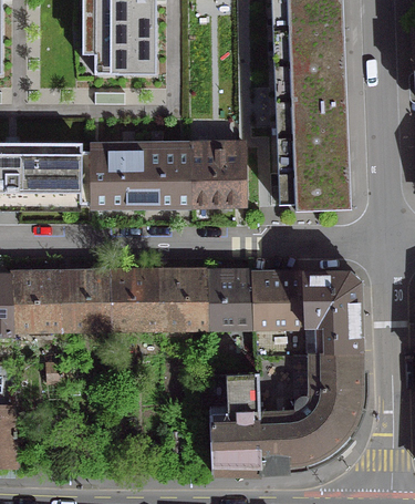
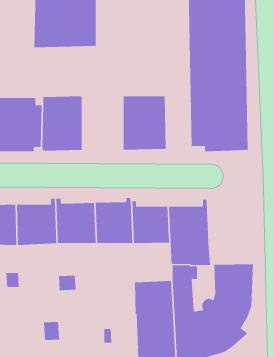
building: [142,140,193,208] -> none
building: [300,274,359,354] -> none

